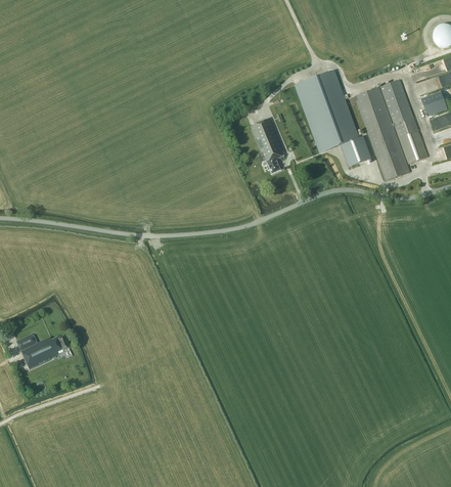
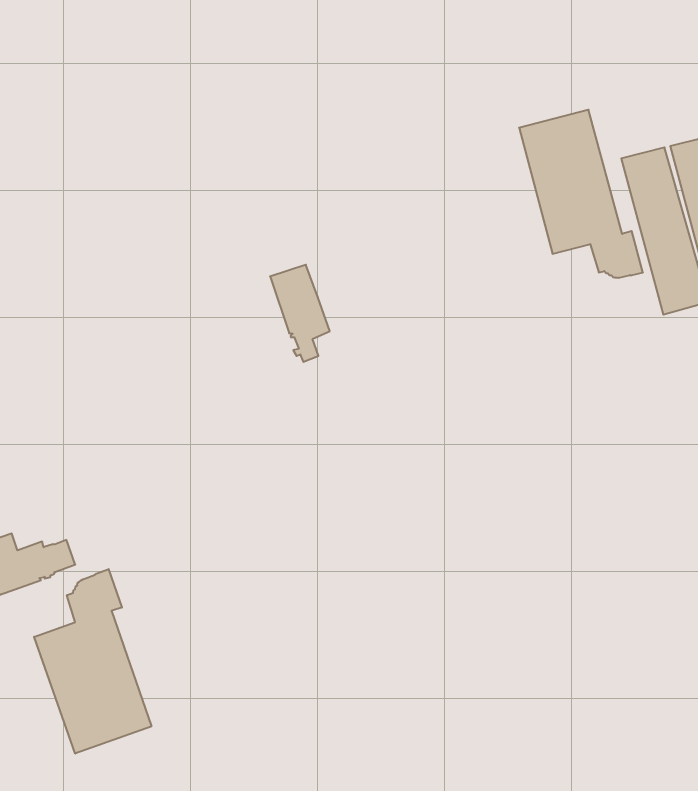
building: [251,119,286,173] -> [270,265,330,362]
building: none -> [34,569,151,754]

